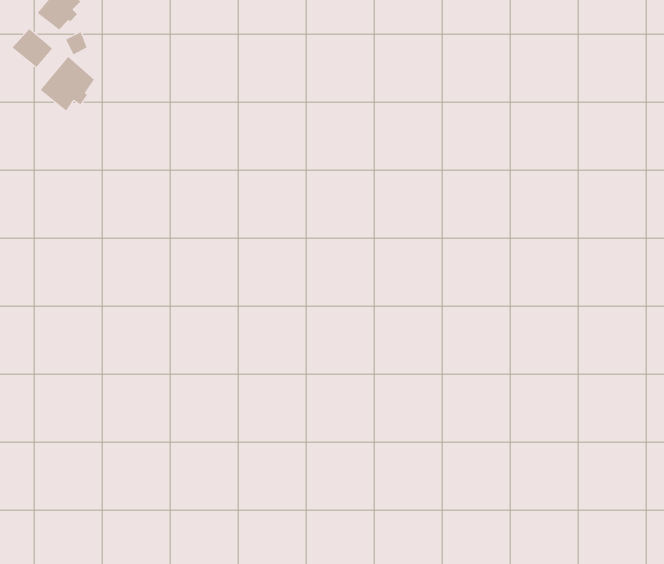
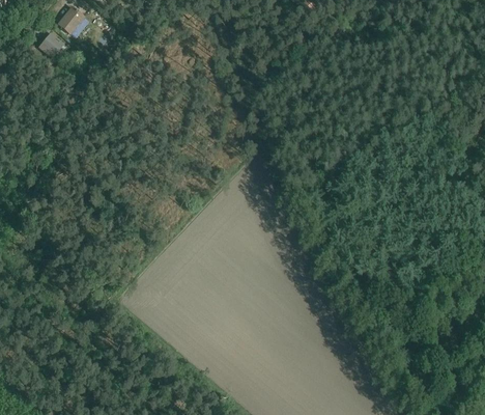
building: [40,56,95,111] -> none

